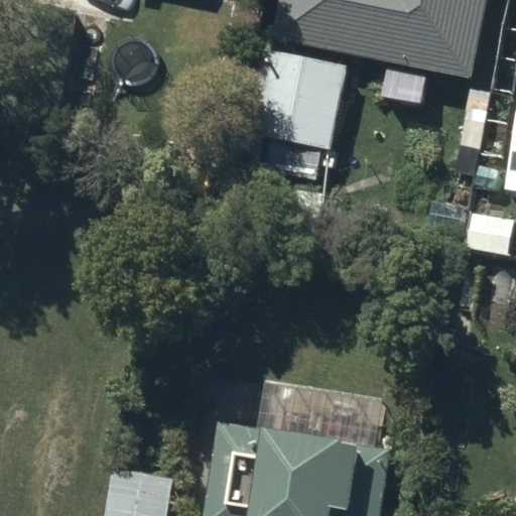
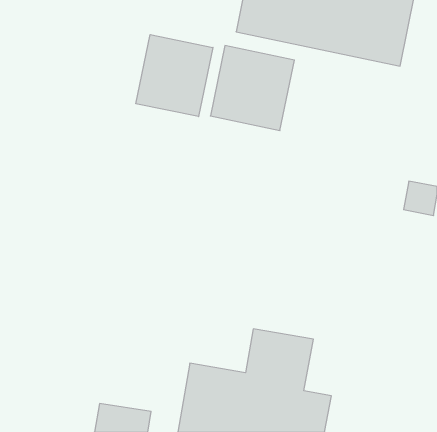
building: none -> [136,35,213,117]

